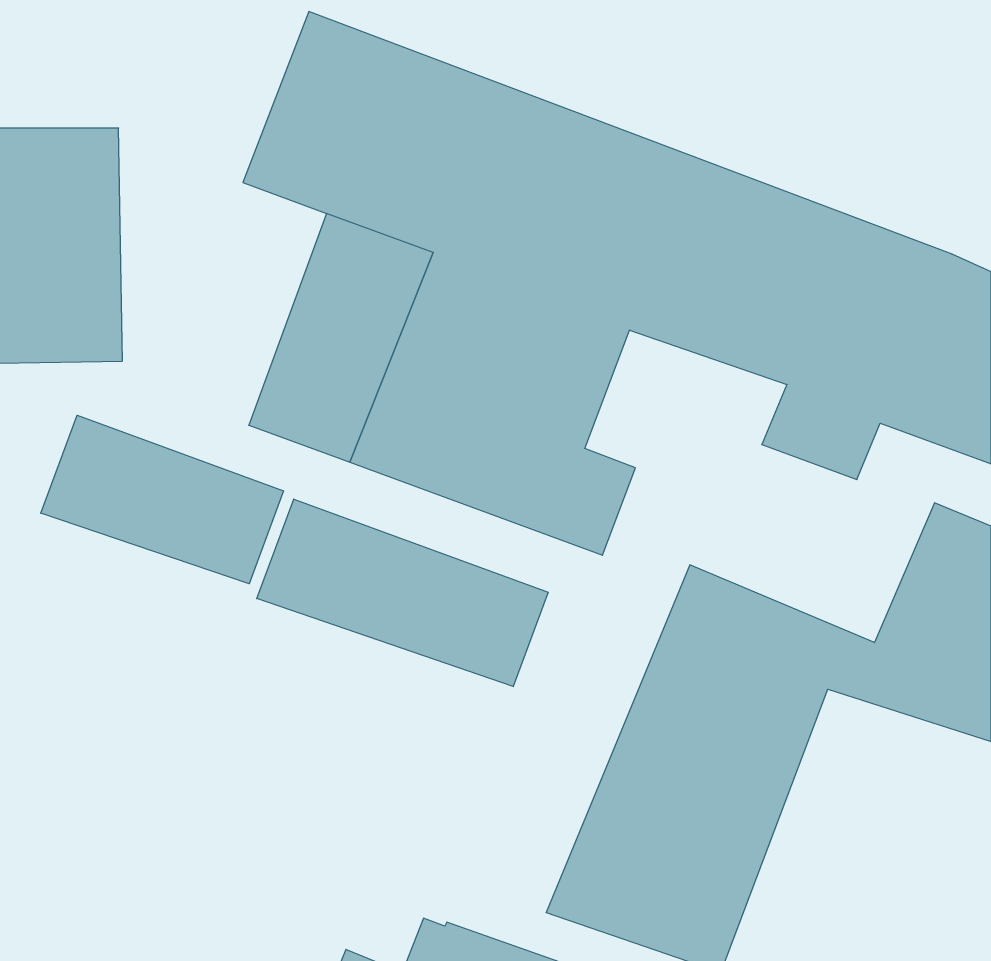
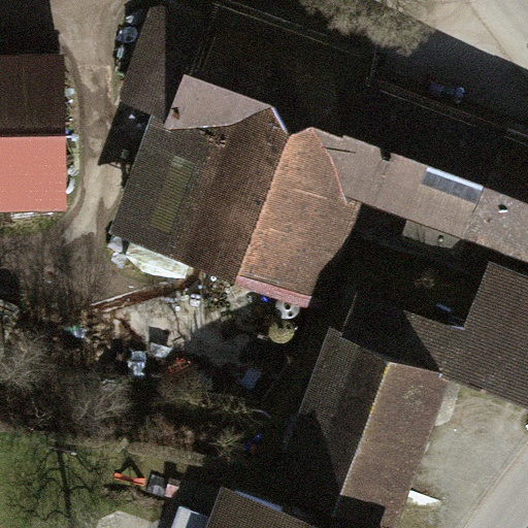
building: [41,415,284,584] -> none
building: [257,499,548,687] -> none

